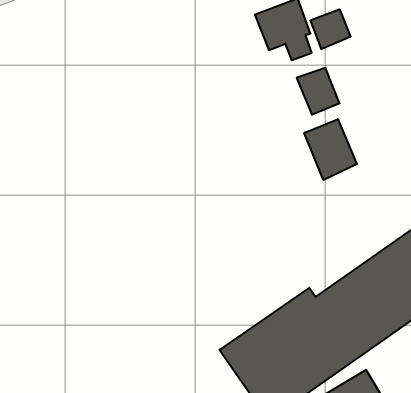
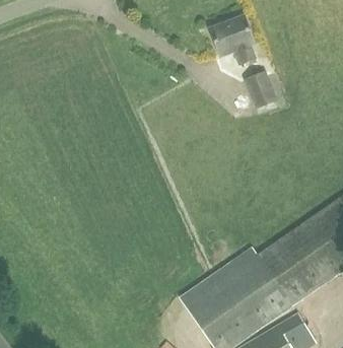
building: [311,9,351,49] -> none
building: [304,119,357,180] -> none

